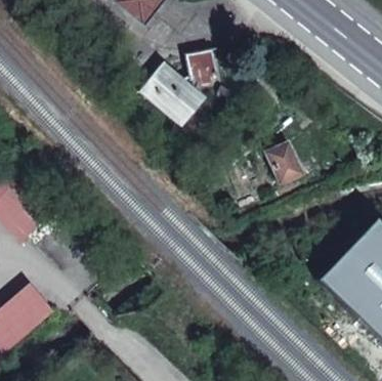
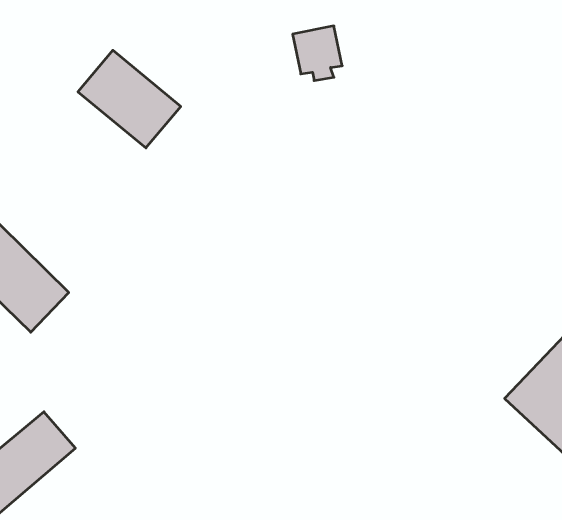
building: [140,62,204,123] -> [78,50,181,148]
building: [266,141,303,183] -> none

